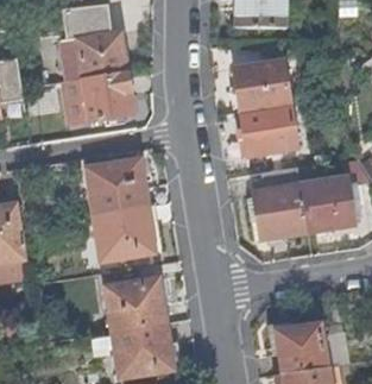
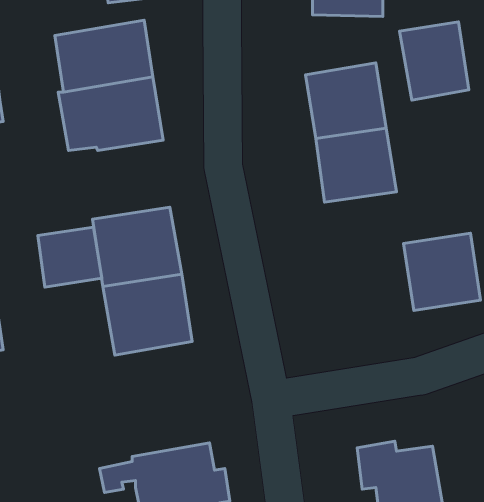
building: none -> [399,22,469,100]
building: [231,166,308,239] -> none
building: none -> [38,227,102,287]
building: [106,277,166,332] -> none

